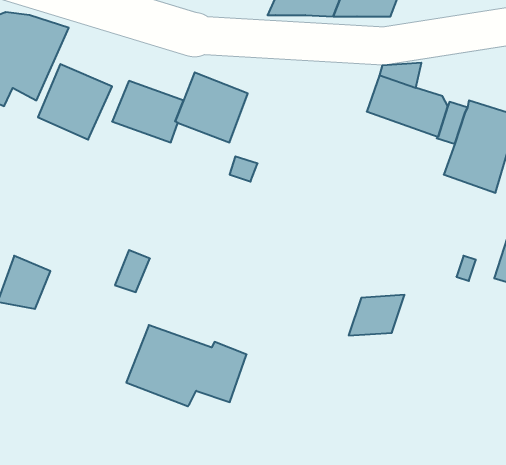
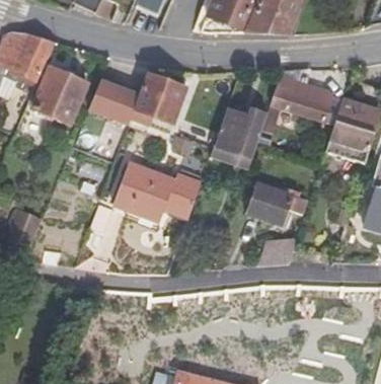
building: none -> [211,107,268,169]
building: none -> [247,181,307,225]
building: [126,325,247,406] -> [113,162,201,221]

